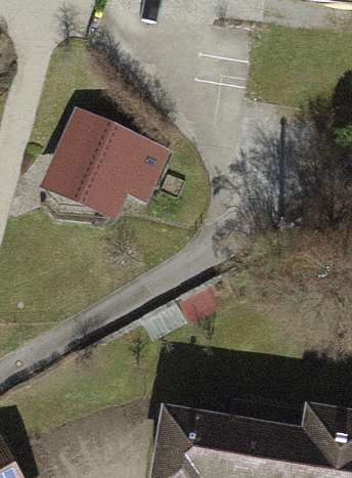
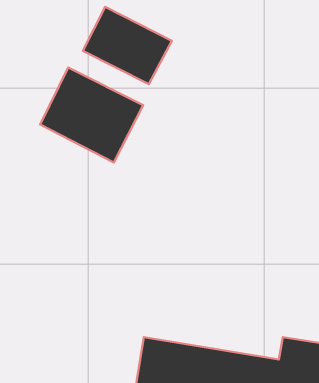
building: none -> [83,7,172,84]

